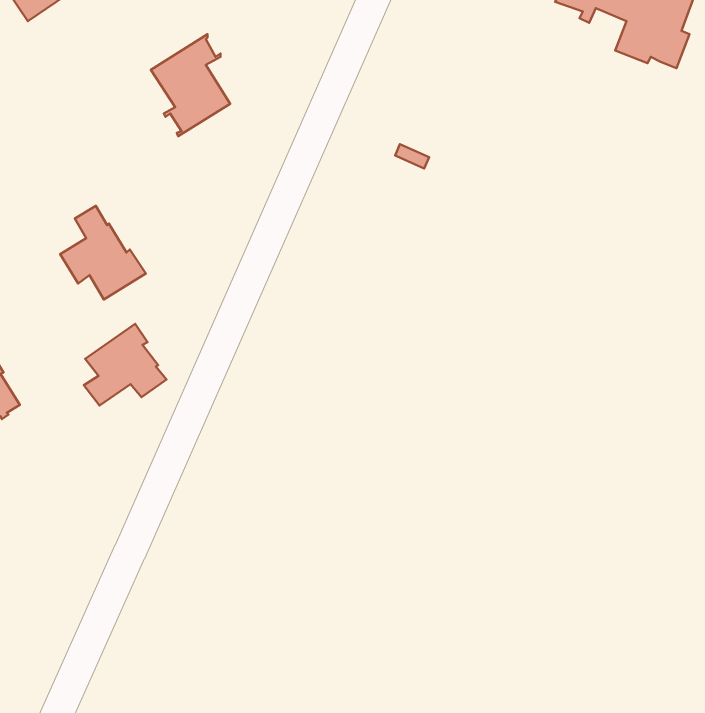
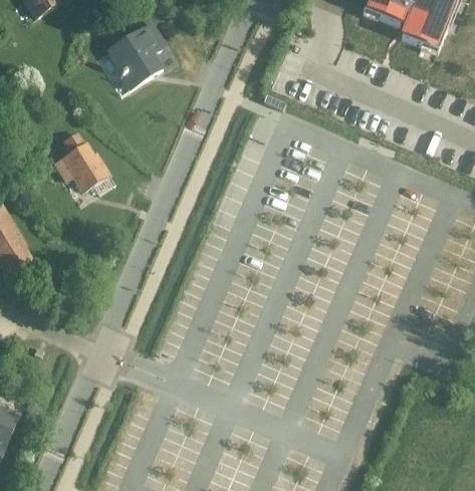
building: [84,324,167,406] -> none

